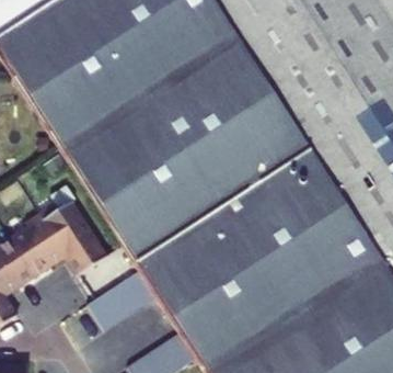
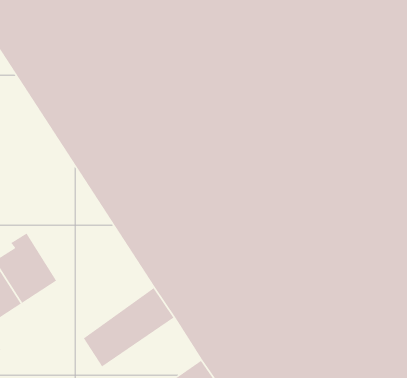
building: [32,207,99,281] -> none

